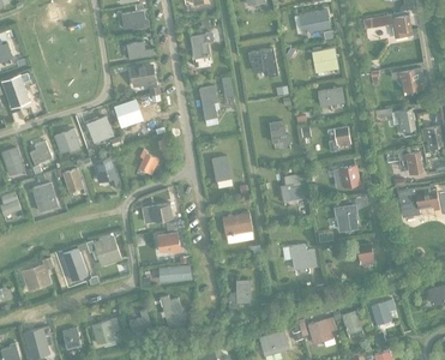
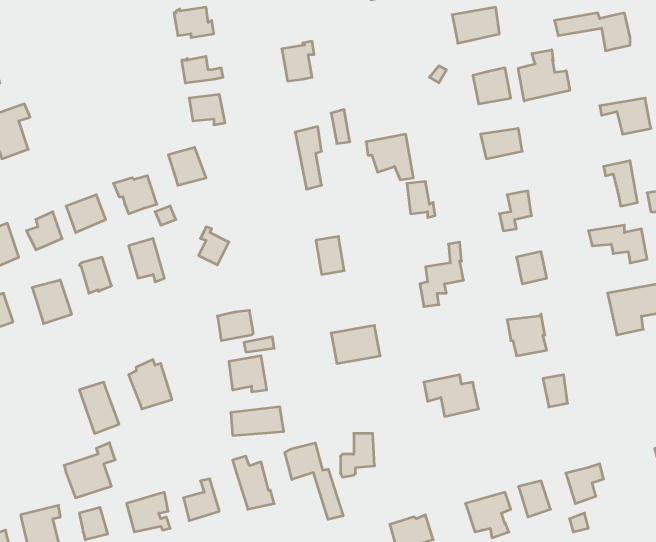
building: none -> [518,50,570,101]
building: [247,48,277,77] -> [366,134,413,180]
building: [22,257,54,292] -> [64,443,115,498]
building: none -> [285,443,343,519]

